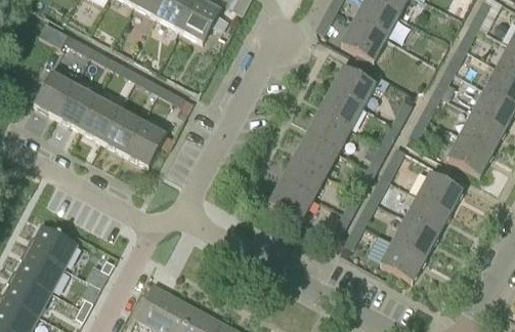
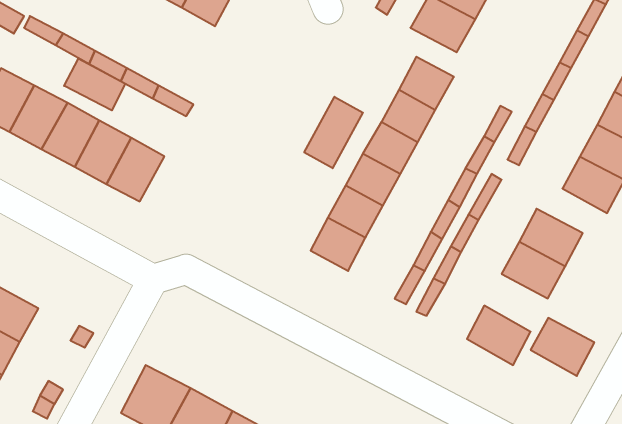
building: none -> [64,59,125,110]
building: none -> [304,97,363,168]
building: [393,217,438,258] -> [531,318,594,376]

